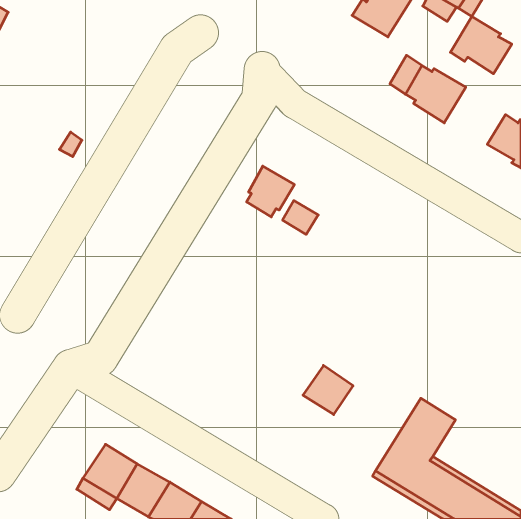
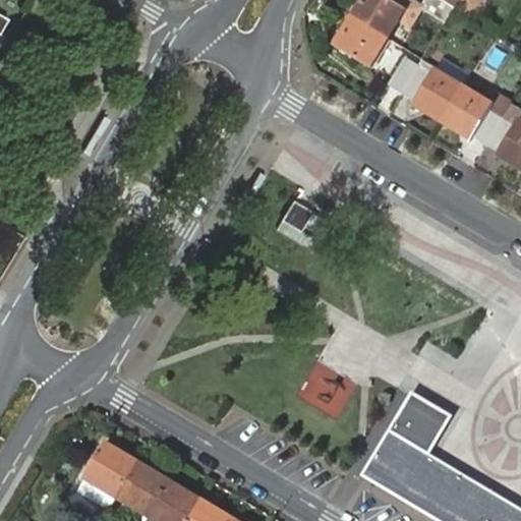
building: none -> [338,15,386,66]
building: [450,16,512,74] -> [442,86,503,143]
building: [247,166,294,217] -> none

